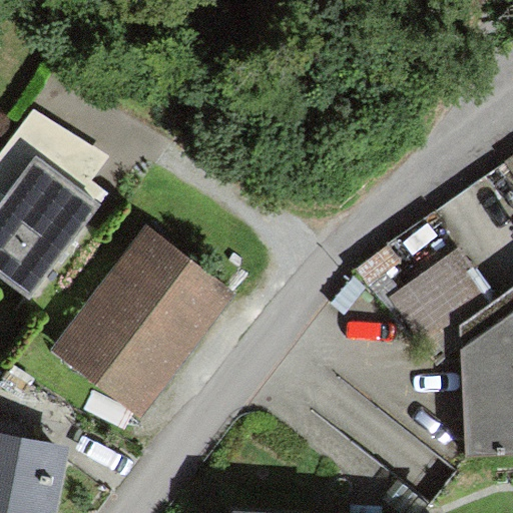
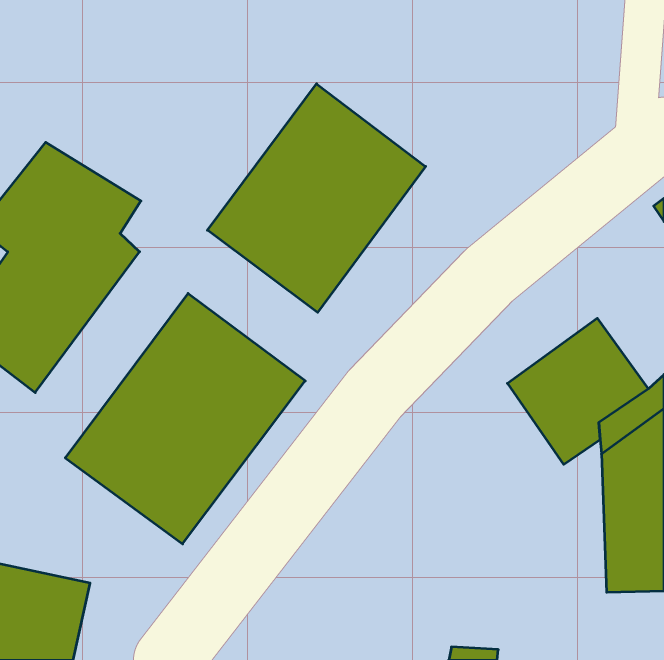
building: none -> [207,84,426,312]

